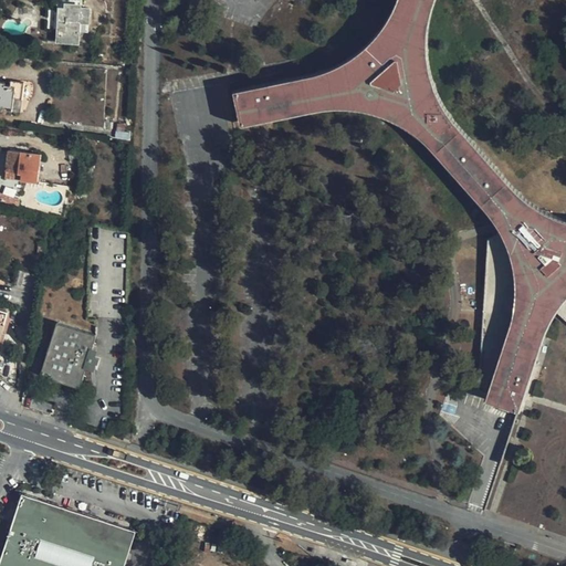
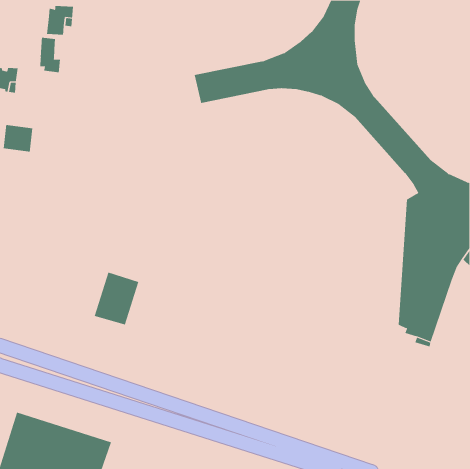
building: none -> [40,37,60,73]
building: [39,325,93,389] -> [94,272,139,325]

